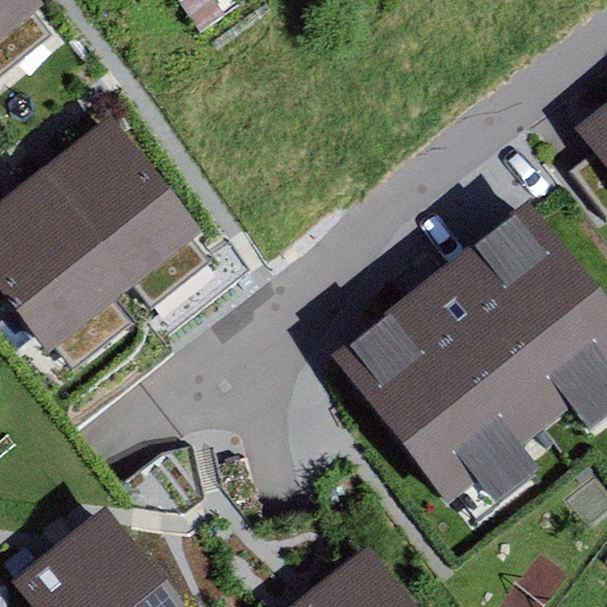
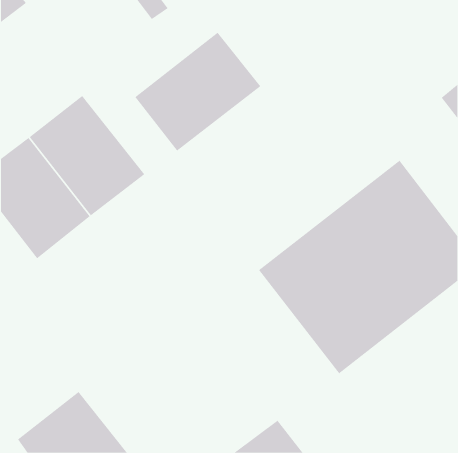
building: none -> [134,32,261,151]

